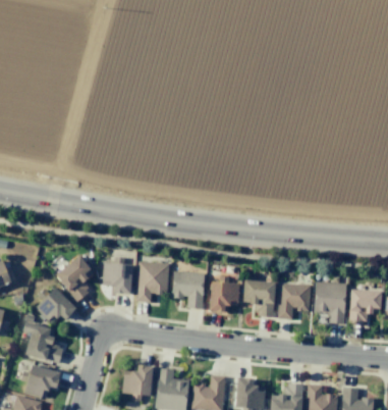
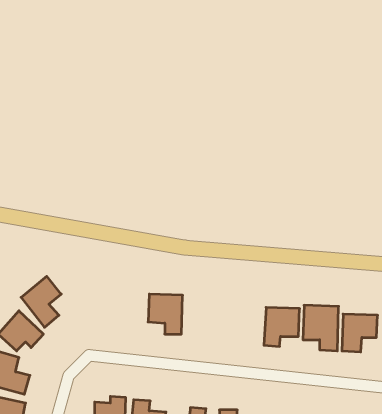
building: [103,257,132,294] -> none
building: [136,261,169,302] -> none
building: [210,275,239,311] -> none
building: [243,280,275,316] -> none

